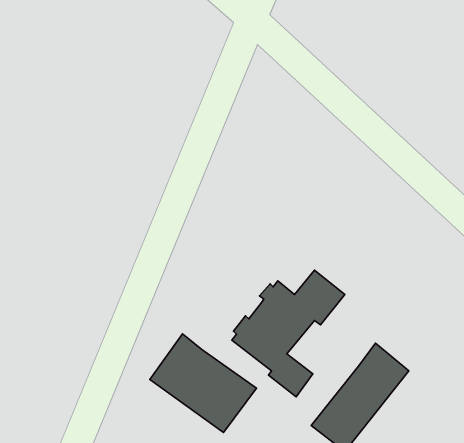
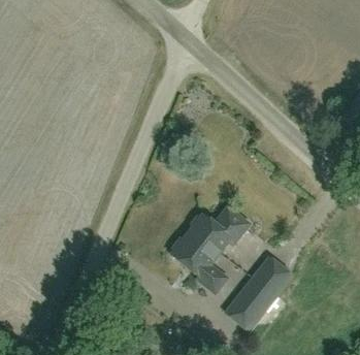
building: [150,334,256,432] -> none

